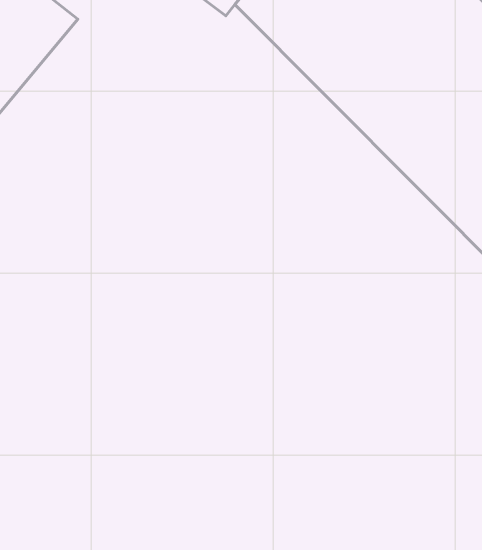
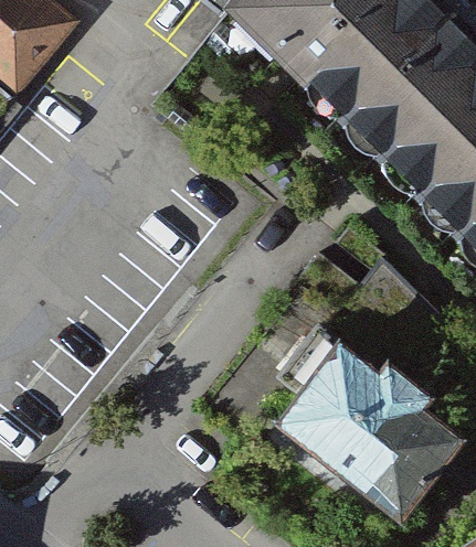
building: none -> [267,341,466,529]

